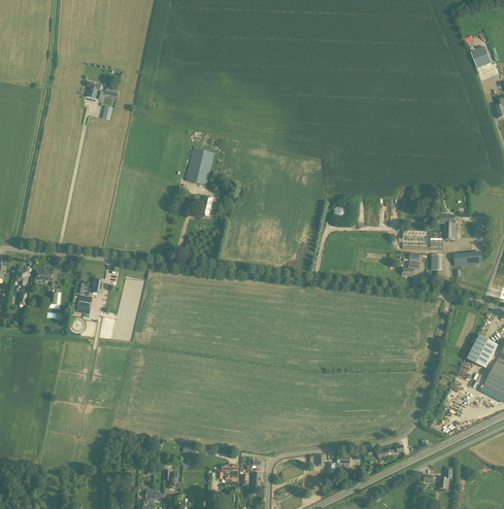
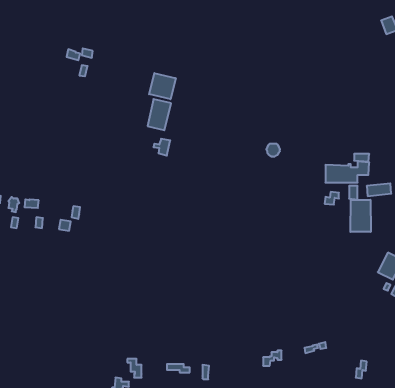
building: none -> [149,73,176,99]
building: none -> [350,200,371,232]

